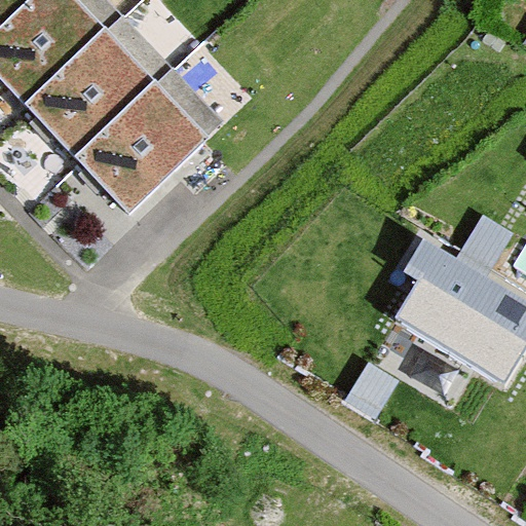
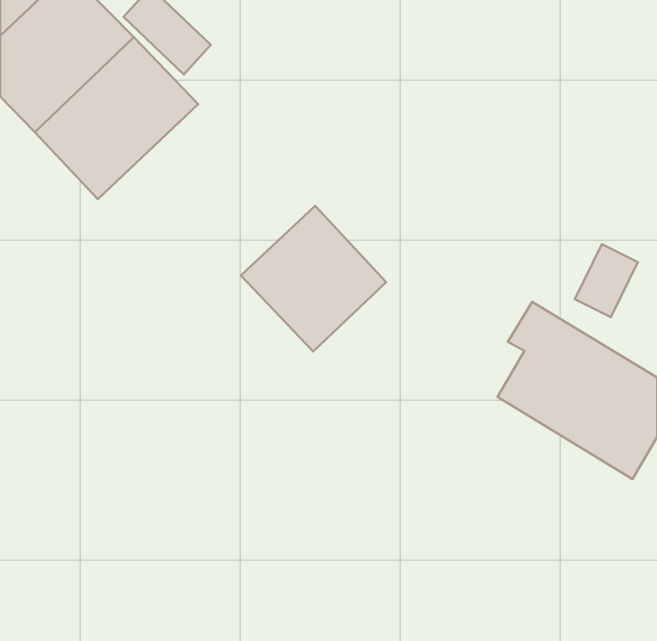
building: [78,83,210,213] -> none
building: none -> [241,206,386,351]

